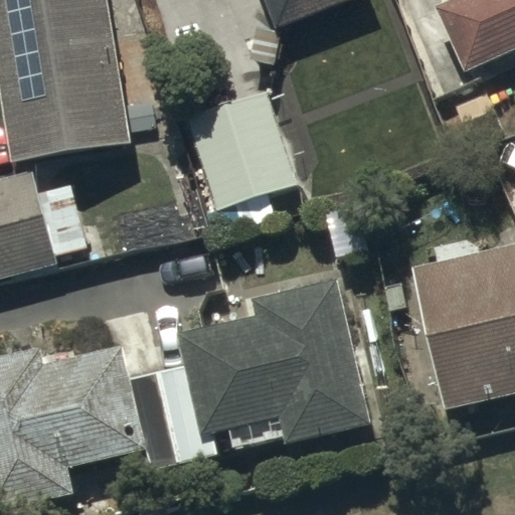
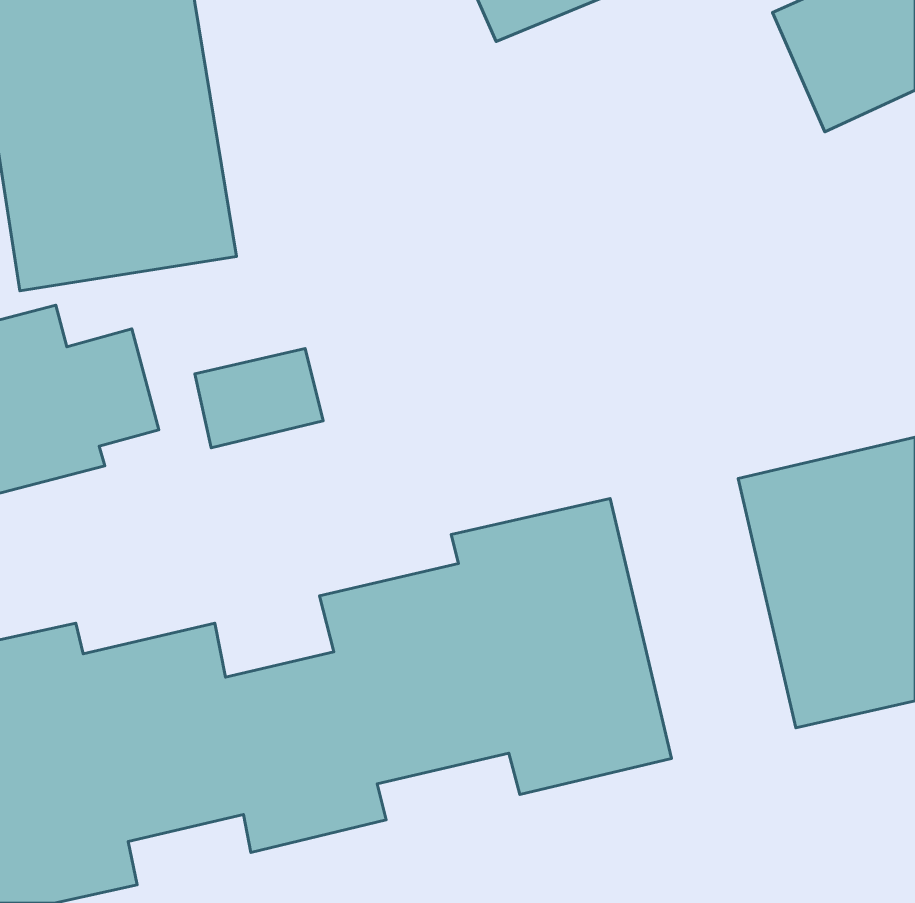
building: [184,88,296,230] -> none

